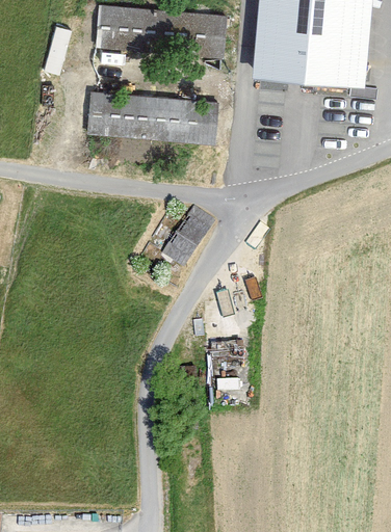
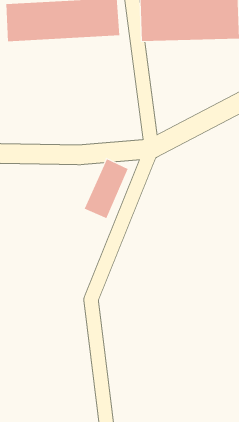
building: [86,91,220,145] -> none

